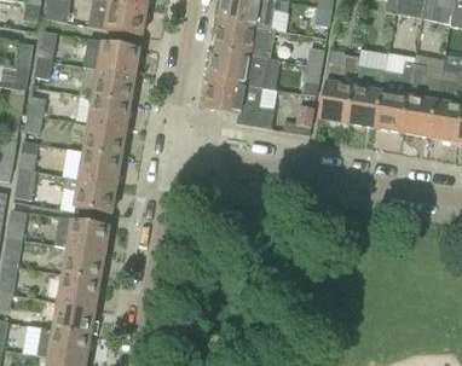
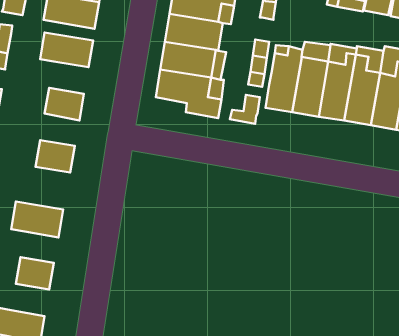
building: [93,70,134,104] -> none
building: [83,124,125,158] -> none
building: [63,178,115,214] -> none
building: [63,248,103,280] -> none
building: [53,302,93,336] -> none

